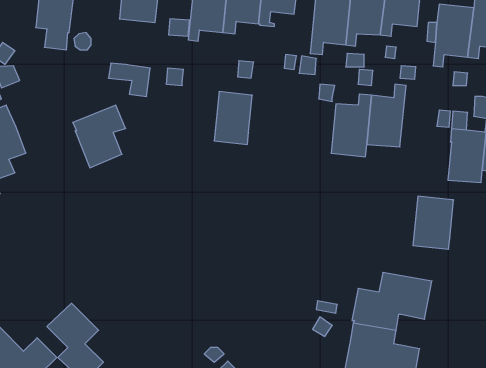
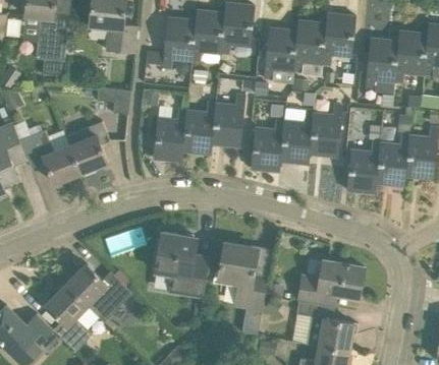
building: none -> [212,94,245,147]
building: none -> [153,111,187,162]
building: none -> [250,120,284,172]
building: none -> [11,121,80,184]
building: [413,196,454,249] -> [346,149,380,193]
building: none -> [155,232,209,299]
building: none -> [217,243,268,334]
building: none -> [65,264,132,317]

